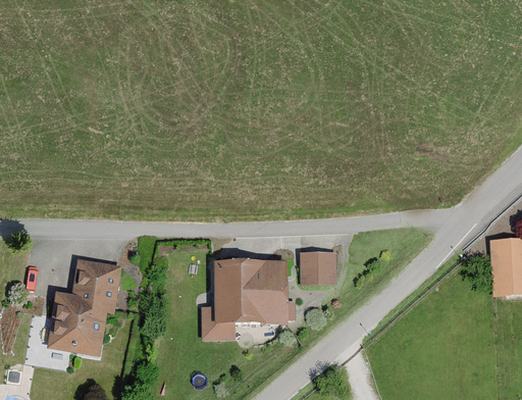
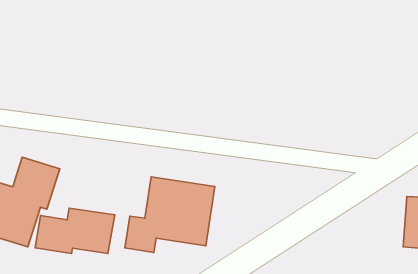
building: [301,253,334,284] -> none
building: none -> [35,208,115,254]

